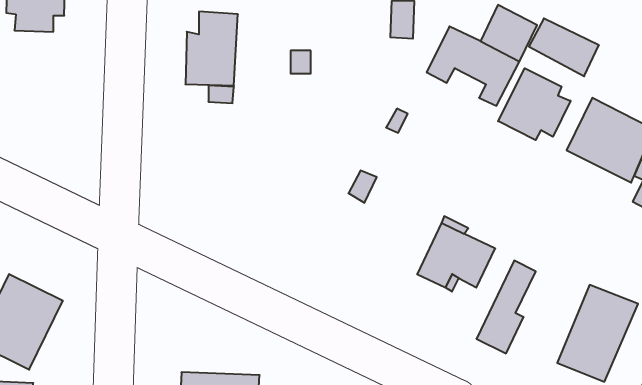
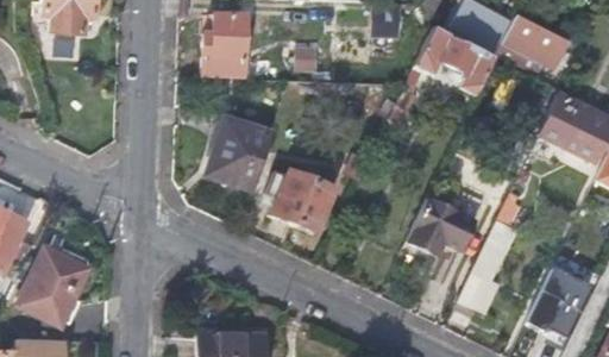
building: [498,68,571,140] -> none
building: none -> [203,115,272,193]
building: none -> [269,169,334,232]

